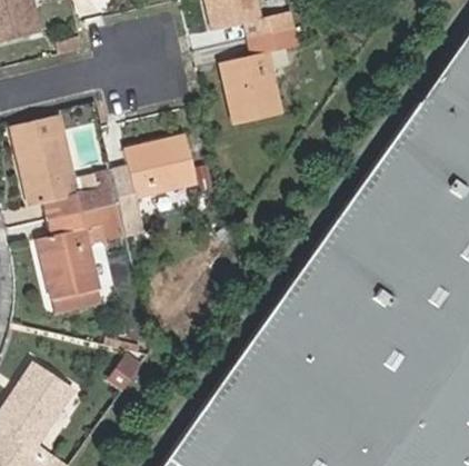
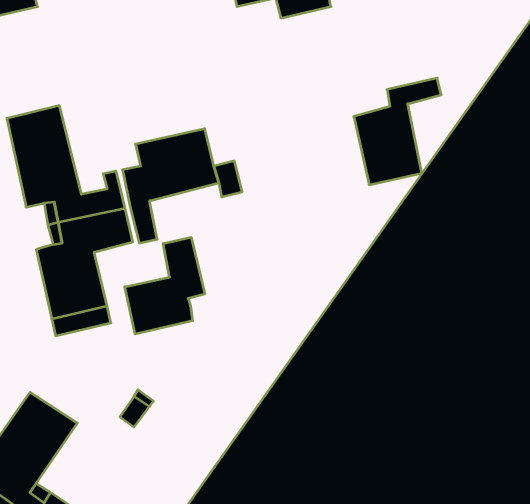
building: [220,29,296,121] -> [354,78,441,185]
building: none -> [125,237,205,334]

